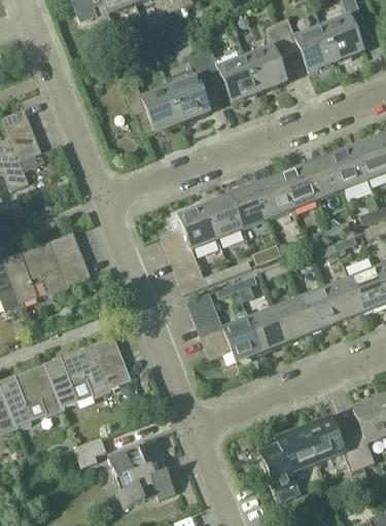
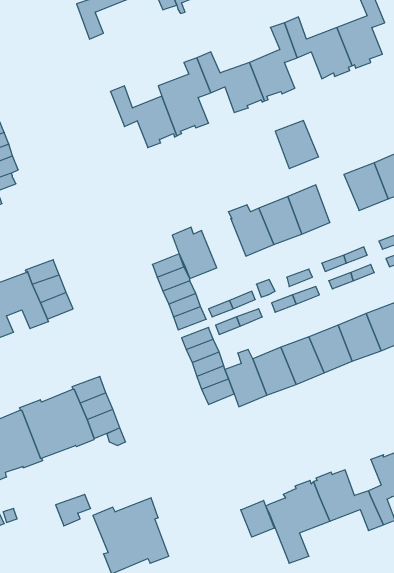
building: [304,156,342,199] -> [275,121,319,169]
building: [203,196,242,239] -> none
building: none -> [241,500,274,537]

